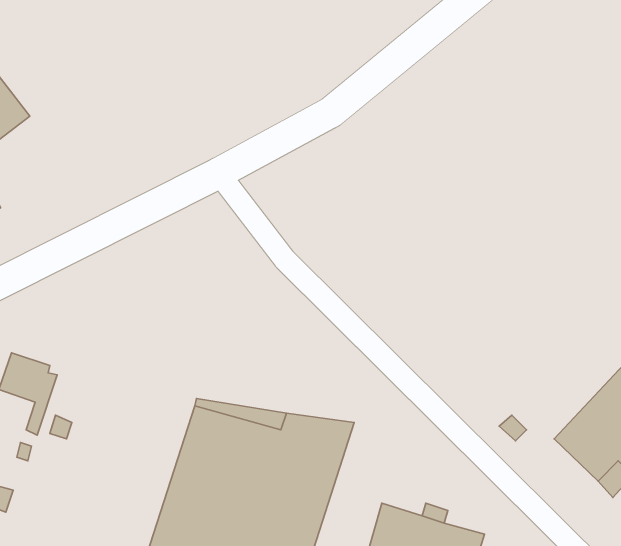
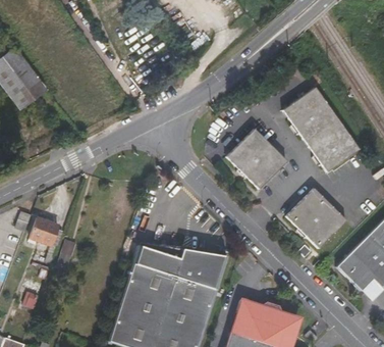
building: none -> [281,88,359,171]
building: none -> [224,130,285,190]
building: none -> [286,189,346,248]

